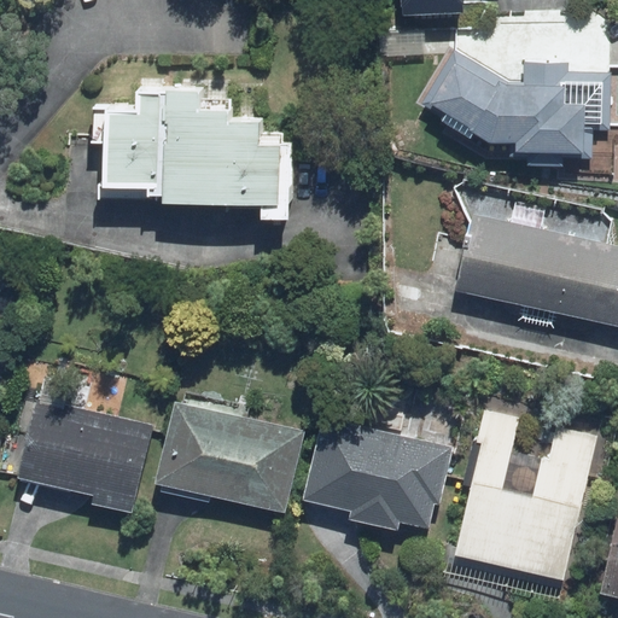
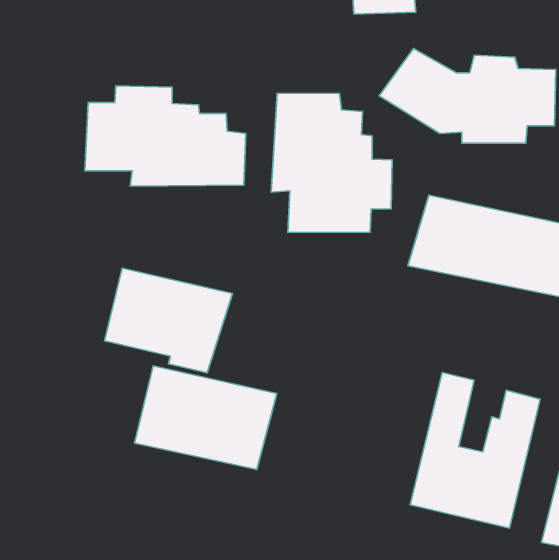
building: none -> [271,93,392,232]
building: [18,397,158,512] -> [105,268,232,373]
building: [303,414,455,530] -> none

